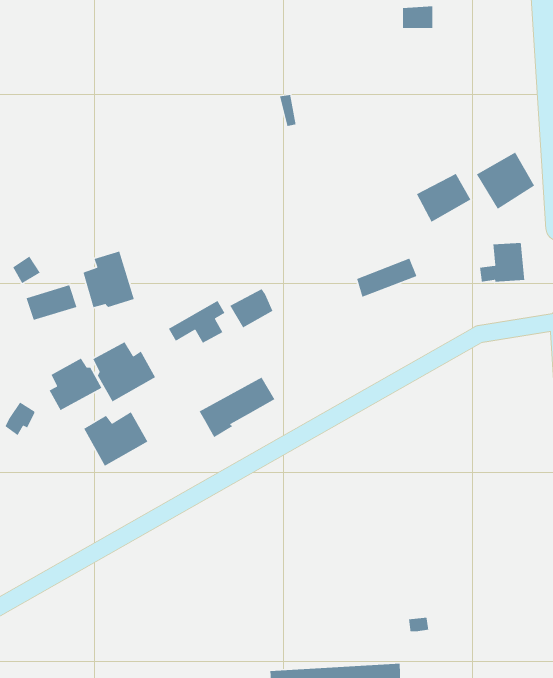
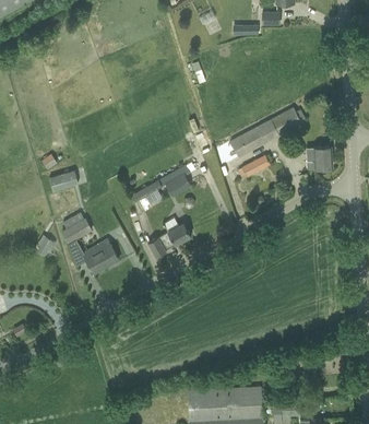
building: [476,151,535,210] -> none
building: none -> [229,126,267,157]
building: [82,251,135,308] -> none
building: [92,341,156,403] -> none

